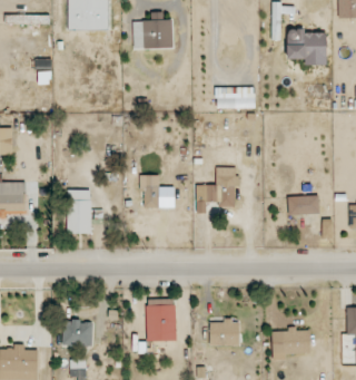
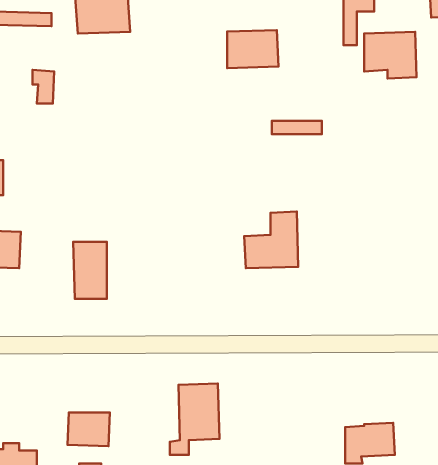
building: [134,20,172,49] -> [227,30,278,68]
building: [139,175,159,208] -> none
building: [288,196,319,216] -> none
building: [209,321,239,347] -> none

